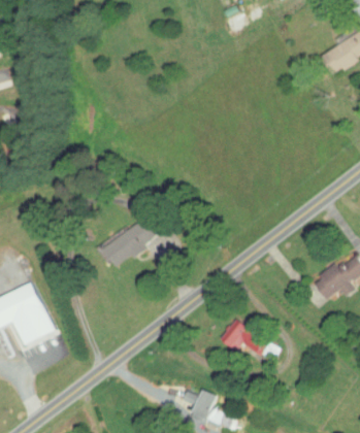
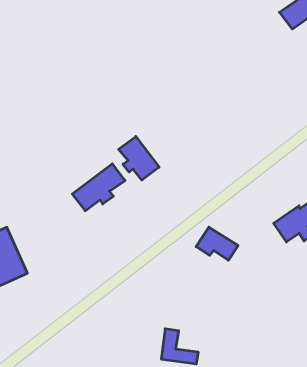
building: none -> [119,136,159,180]
building: [221,319,265,354] -> [196,227,238,260]

